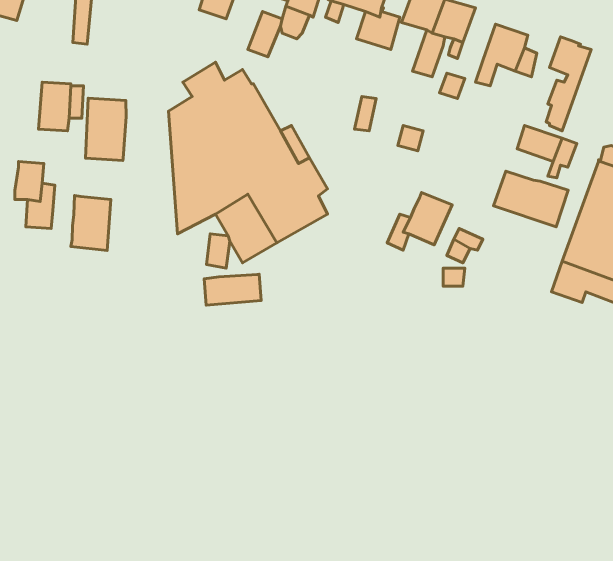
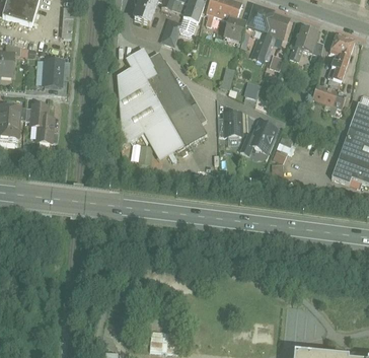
building: [85,98,126,161] -> none
building: [493,171,568,227] -> none
building: none -> [224,112,241,135]
building: [71,195,111,251] -> none
building: [204,274,261,305] -> none

